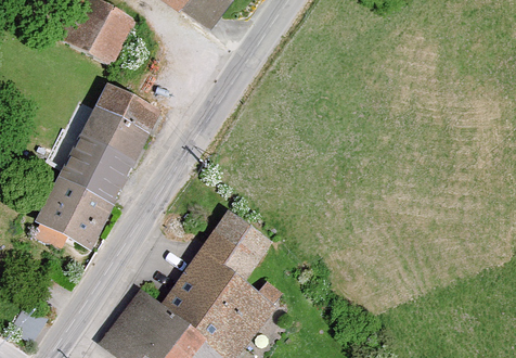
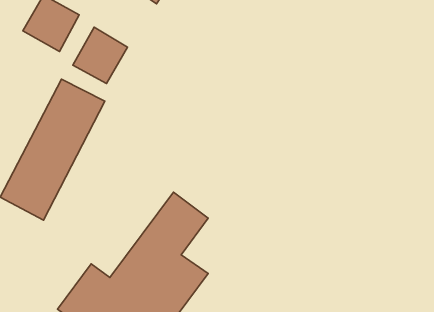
building: none -> [73,27,128,84]

